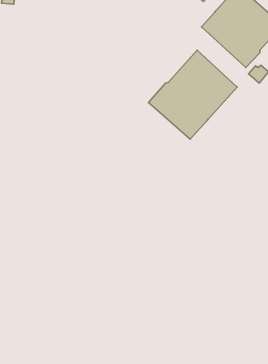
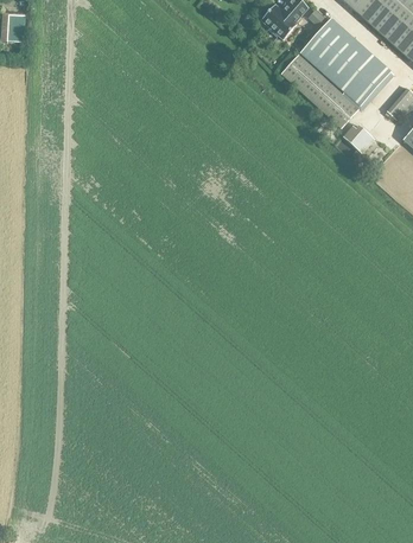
building: [148,50,237,139] -> none

